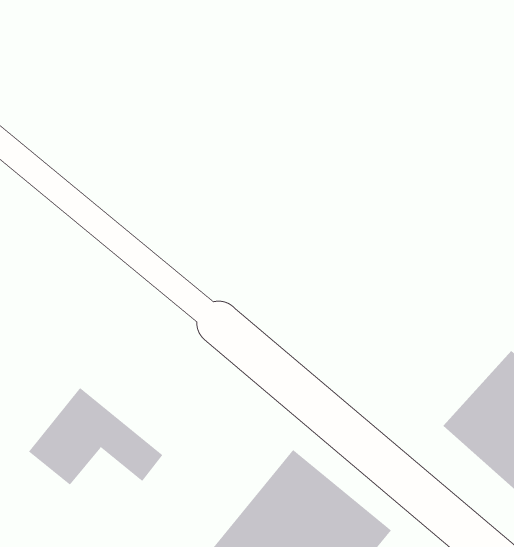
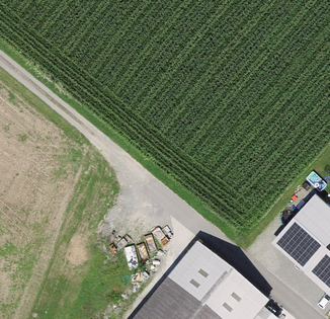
building: [28,387,163,486] -> none

